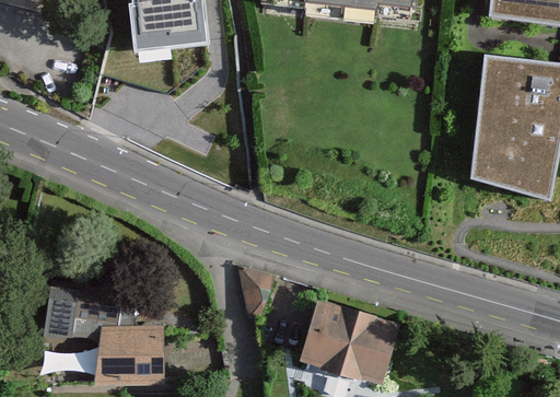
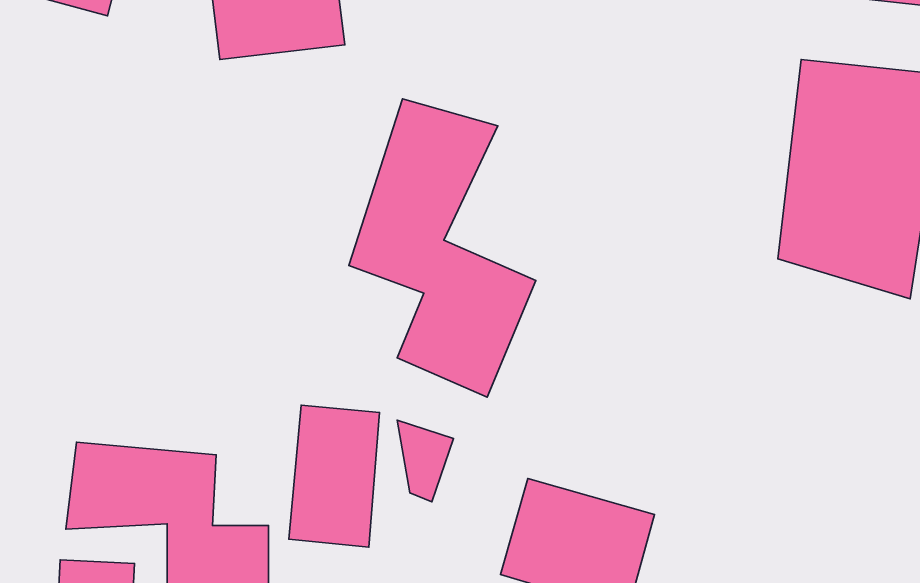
building: none -> [349,99,536,397]
building: none -> [289,405,380,547]

